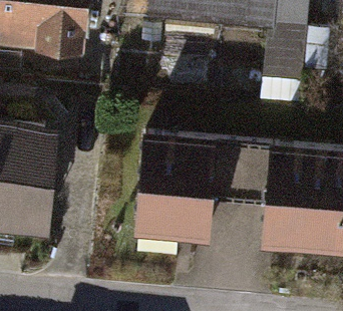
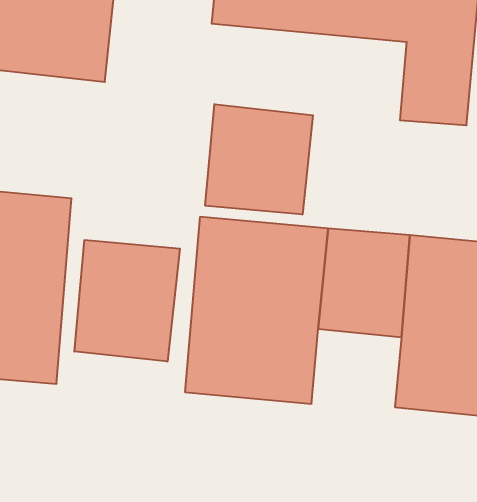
building: none -> [205,104,313,215]
building: none -> [74,240,180,362]

